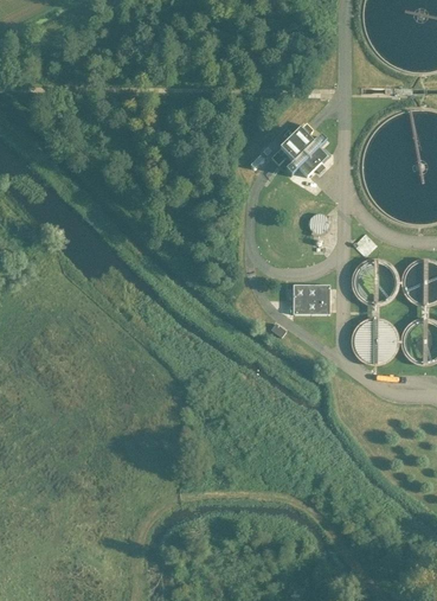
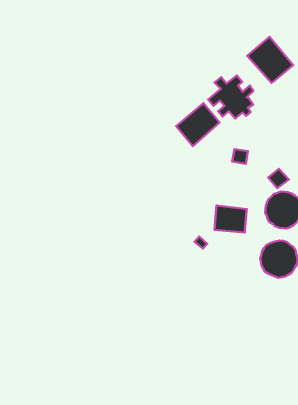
building: none -> [247,37,293,83]
building: none -> [176,103,220,146]

